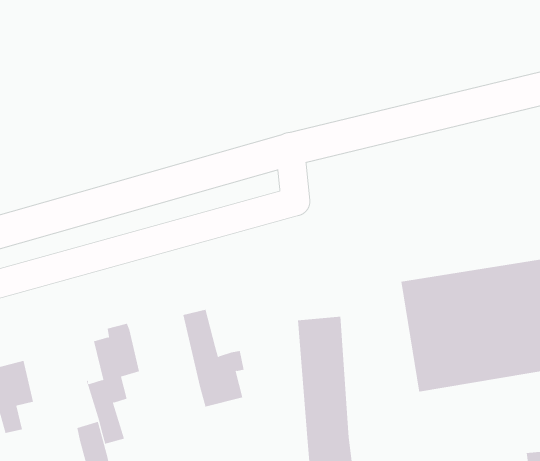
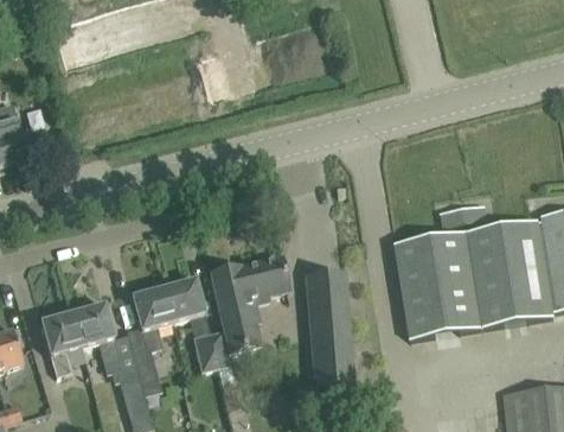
building: none -> [229,255,288,307]
building: none -> [161,274,230,370]
building: none -> [72,301,120,361]

